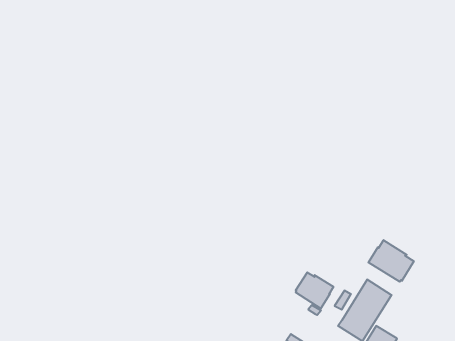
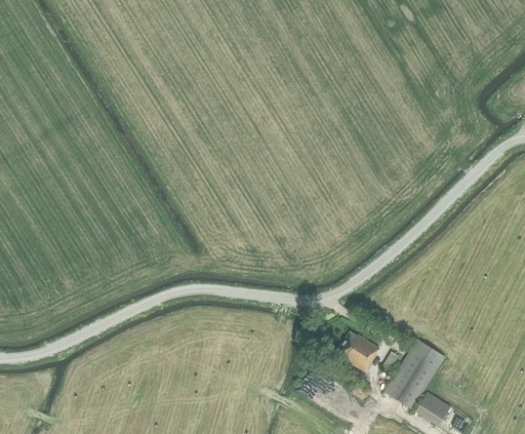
building: [368,240,414,282] -> none

